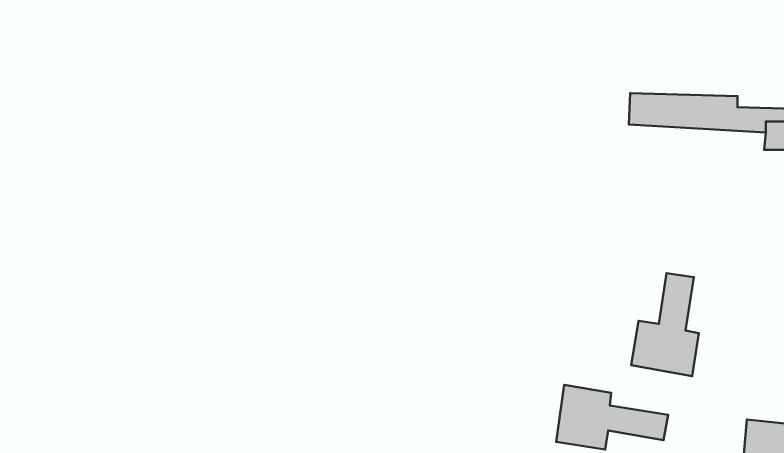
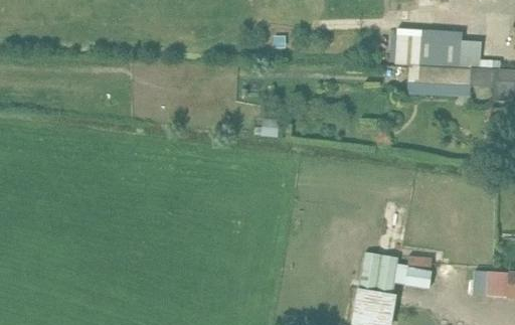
building: none -> [398,28,479,66]
building: [631,273,699,376] -> none

